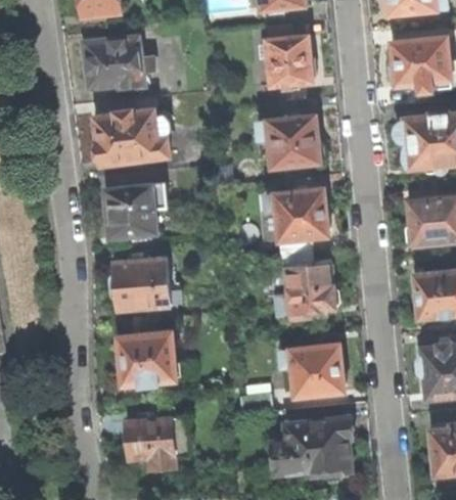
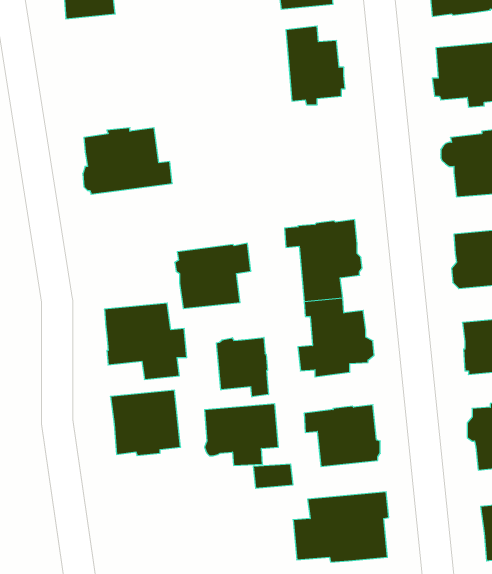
building: [84,38,152,88] -> none
building: [257,116,324,168] -> none
building: [101,183,166,238] -> [175,243,251,309]
building: none -> [216,337,268,397]
building: [125,416,187,468] -> [205,404,278,465]

